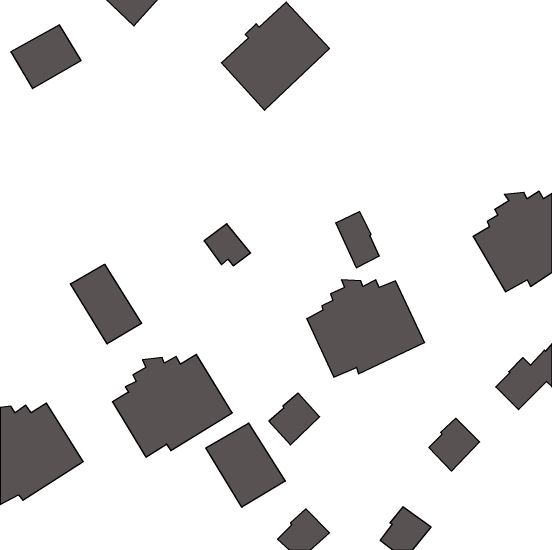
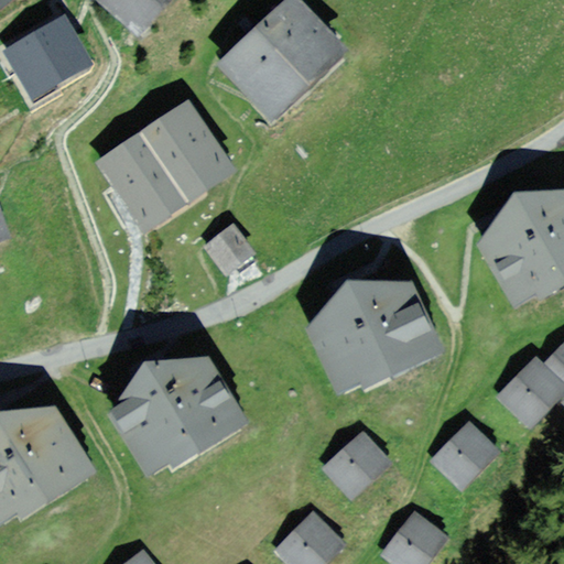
building: none -> [104,110,221,221]
building: [336,212,379,268] -> none
building: [70,264,142,344] -> none
building: [269,393,320,445] -> [328,436,380,489]
building: [206,423,285,507] -> none

